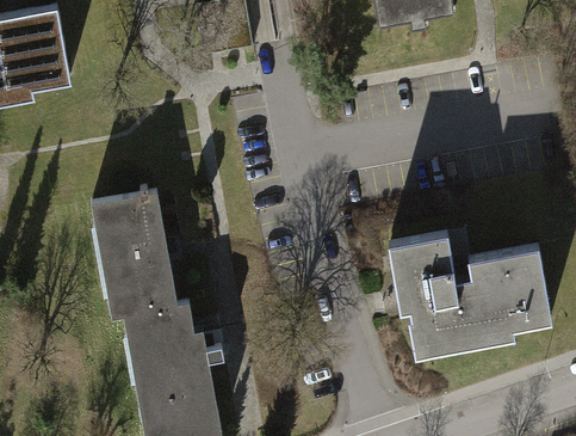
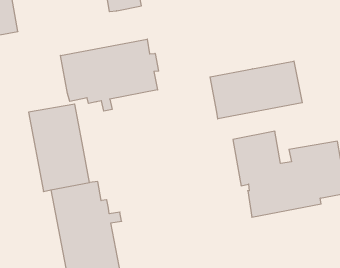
building: none -> [60,39,159,111]
building: none -> [210,61,302,119]

